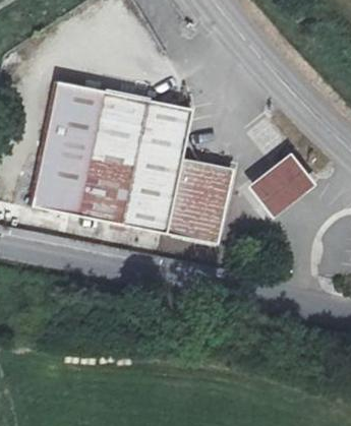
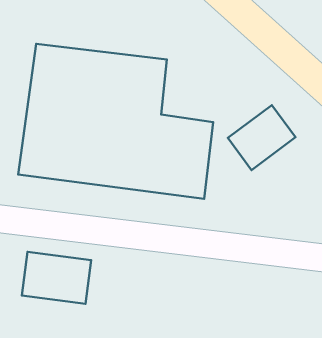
building: none -> [22,252,91,304]

